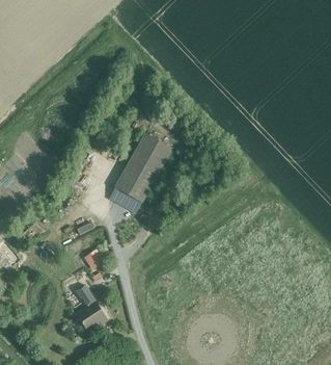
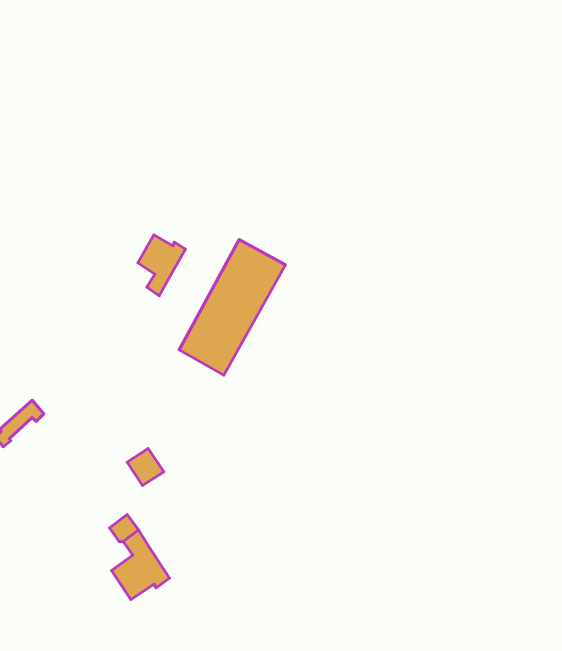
building: none -> [138,235,185,296]

